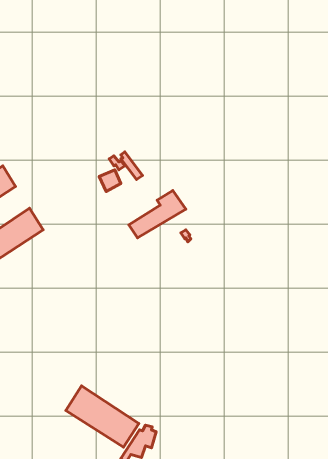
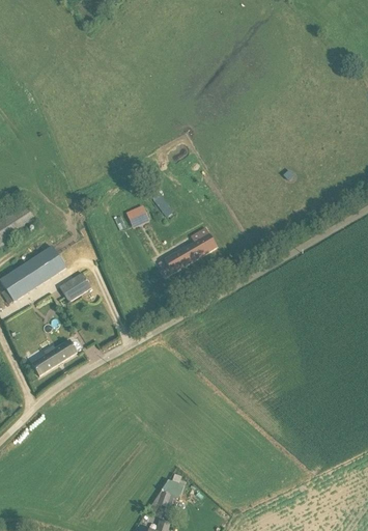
building: none -> [58,272,91,301]
building: none -> [31,339,77,375]
building: [66,386,139,447] -> none

